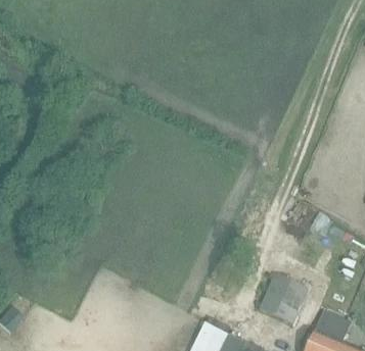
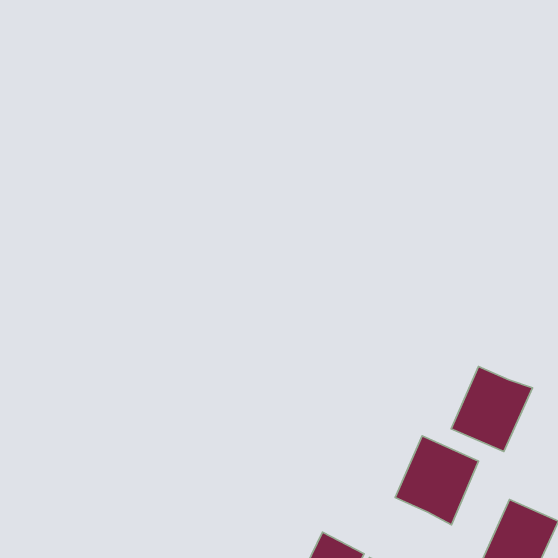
building: none -> [451,366,532,451]

